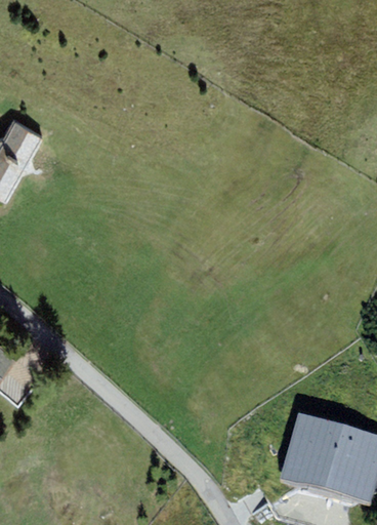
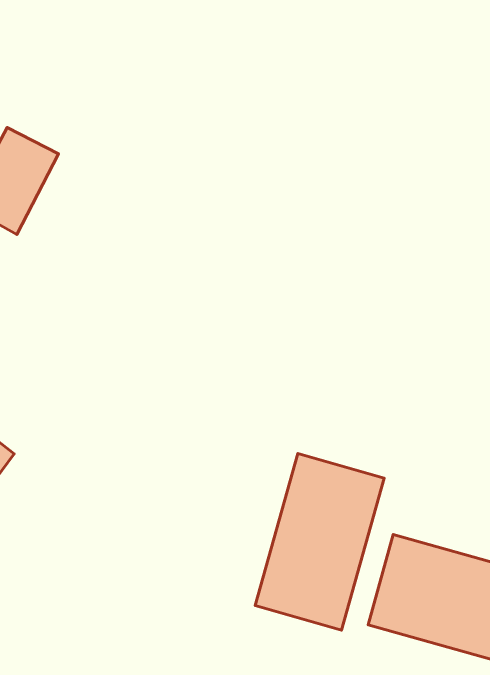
building: none -> [255,454,384,630]

